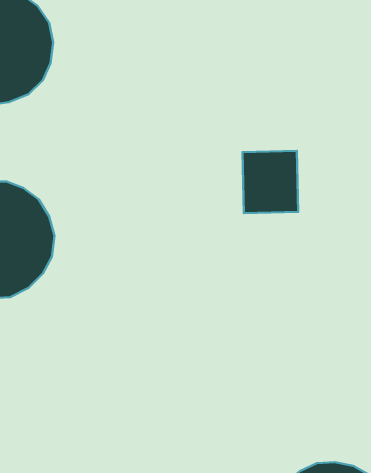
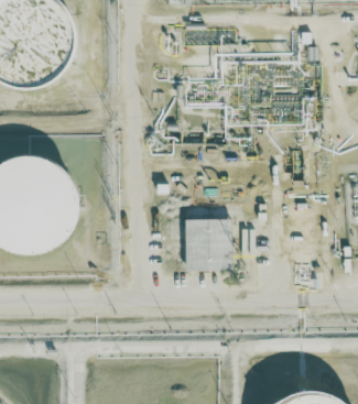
building: [242,151,298,213] -> [186,212,234,265]

